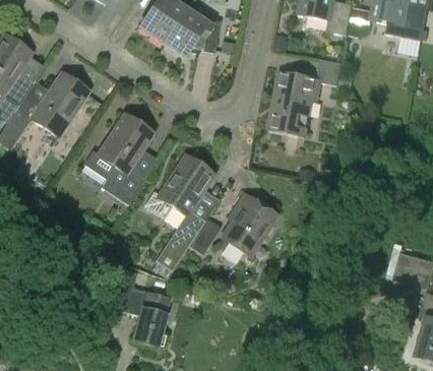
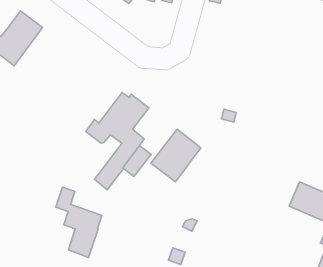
building: [267,58,343,134] -> none
building: [83,114,151,203] -> none

